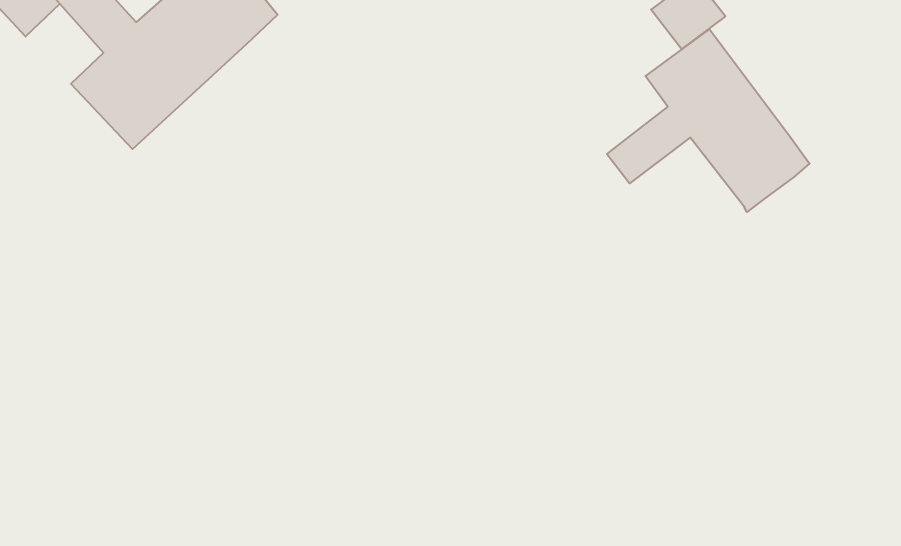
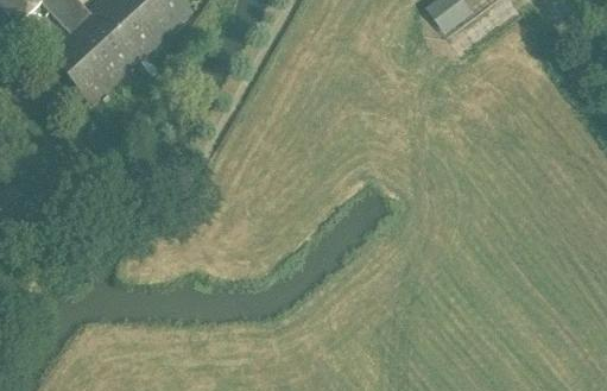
building: [607,29,810,212] -> none

